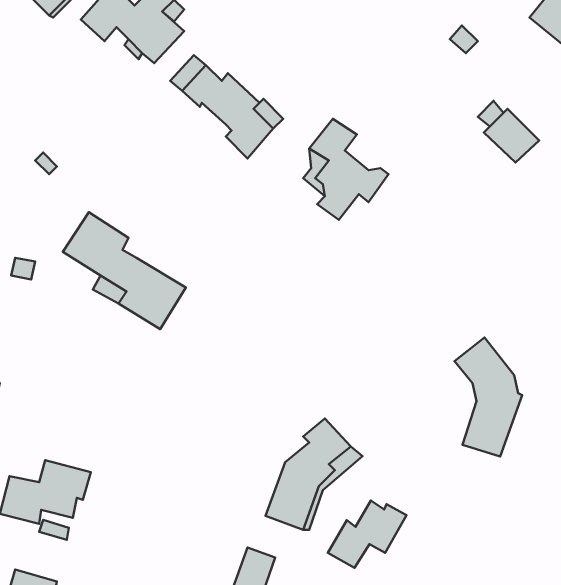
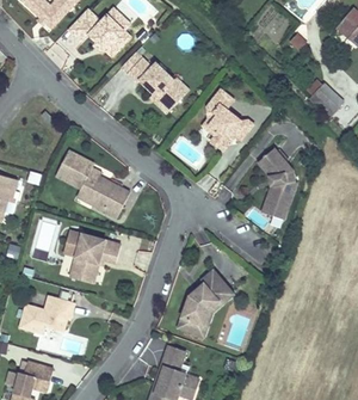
building: [455,337,522,457] -> [258,146,298,217]
building: none -> [72,232,122,281]
building: [328,501,407,568] -> none

